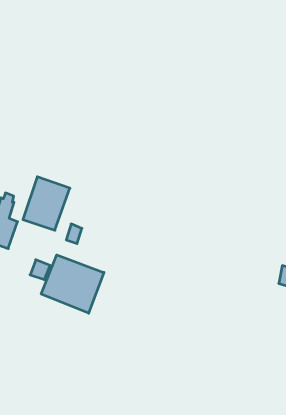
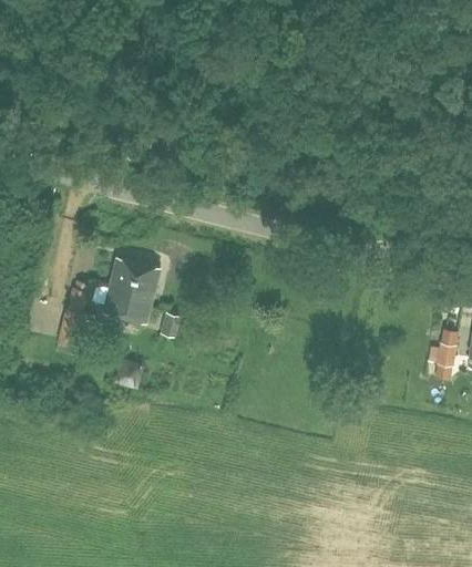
building: [41,255,104,313] -> none

